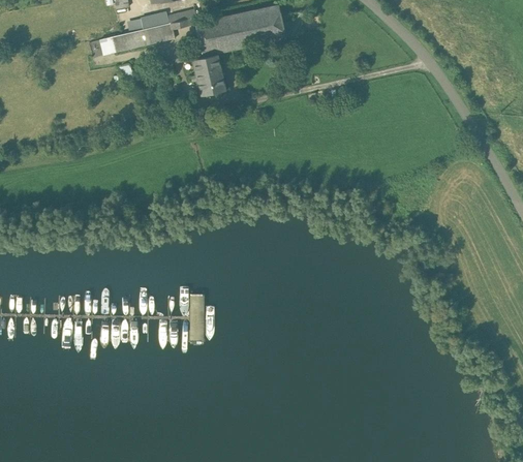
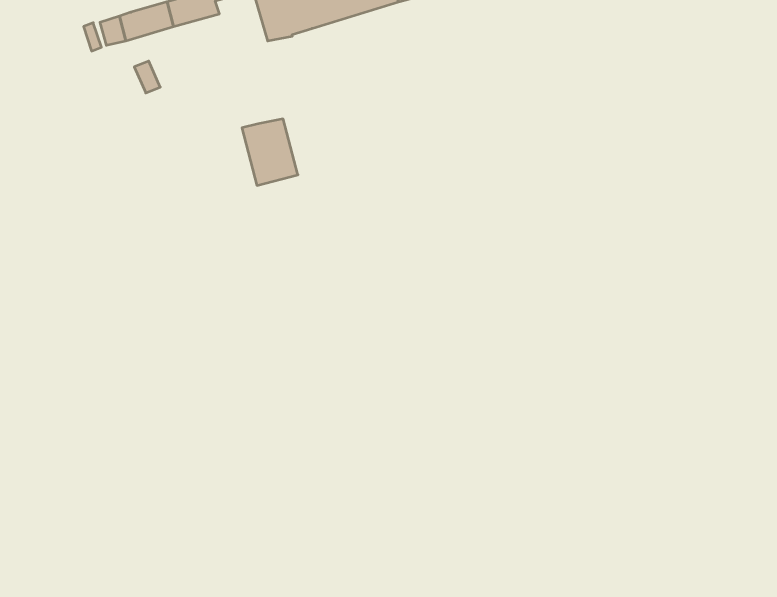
building: [193,54,226,94] -> [242,119,298,185]

